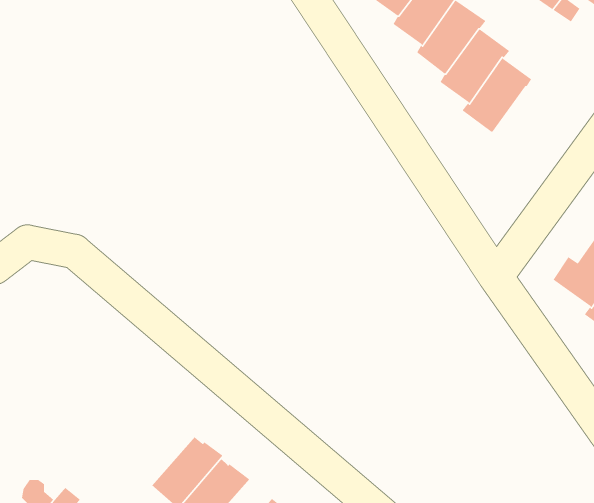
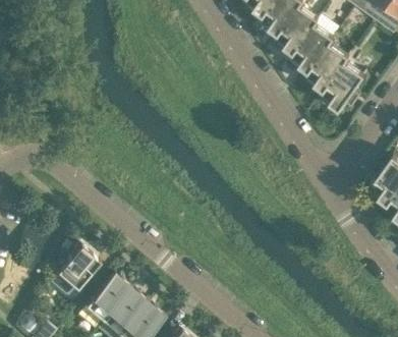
building: none -> [318,60,363,109]
building: none -> [49,241,99,296]
building: none -> [84,271,130,319]

